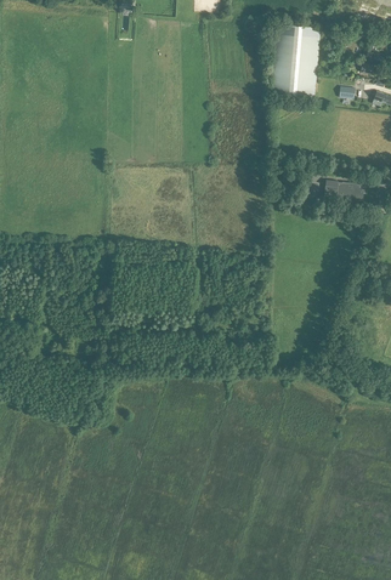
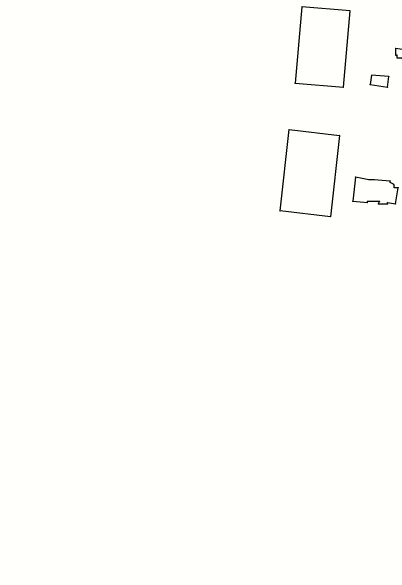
building: none -> [280,130,339,217]

